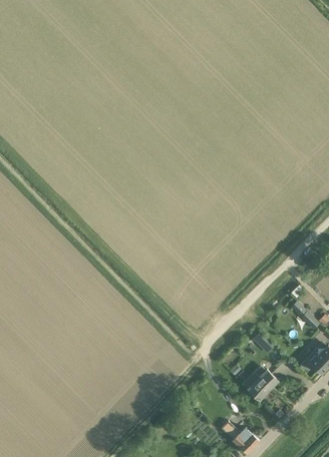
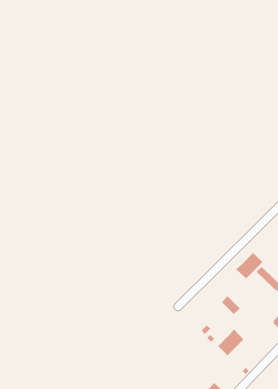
building: none -> [235,252,263,279]

